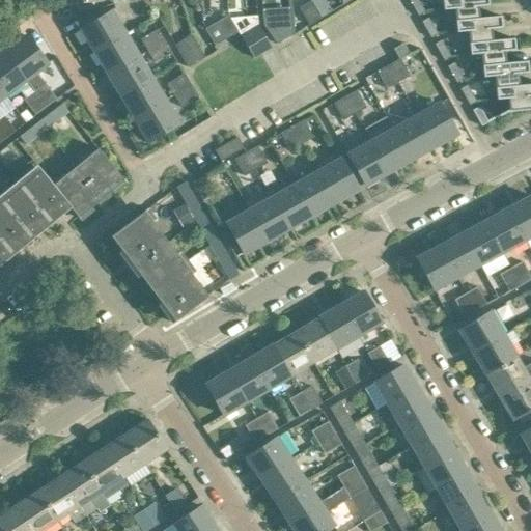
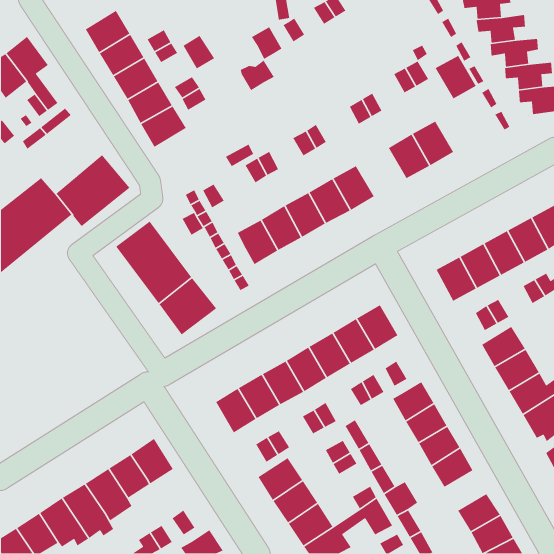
building: [205,16,239,46] -> [240,60,275,91]
building: [417,103,457,145] -> [435,55,477,99]
building: [348,141,389,185] -> none
building: [425,449,466,487] -> none

